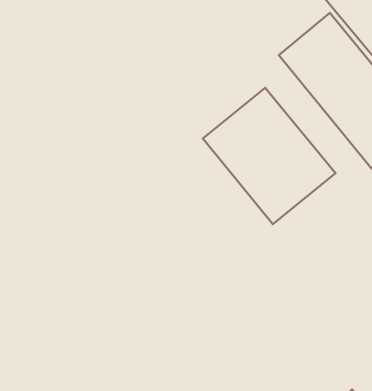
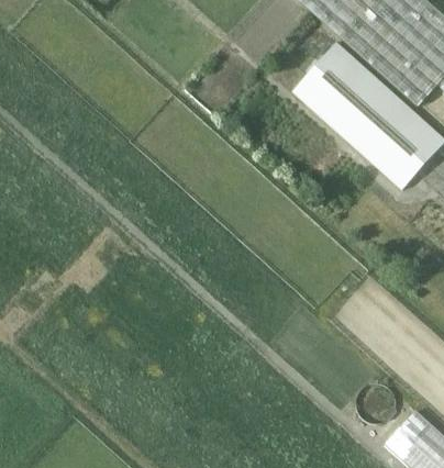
building: [203,88,335,224] -> none

